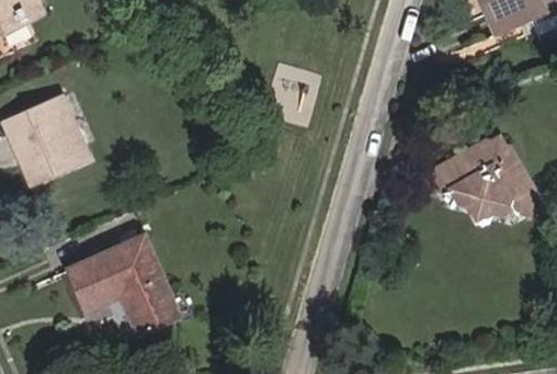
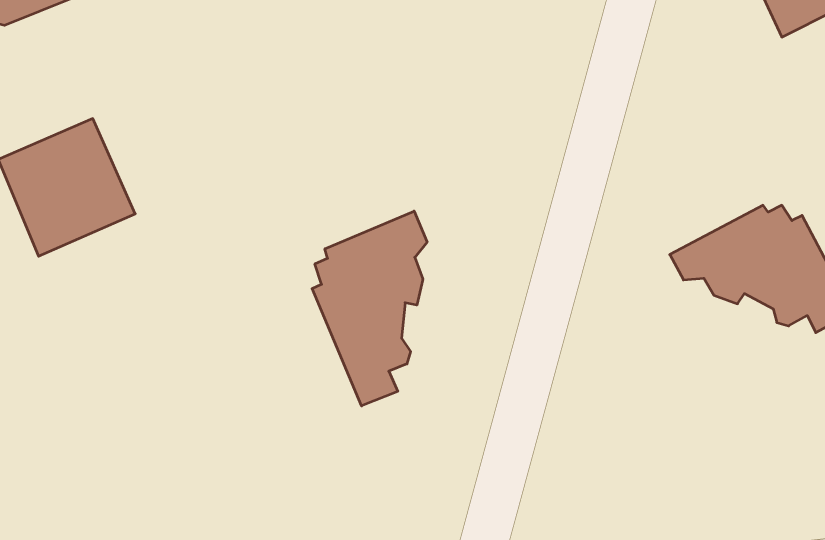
building: none -> [312,211,427,406]
building: [67,236,177,335] -> none

